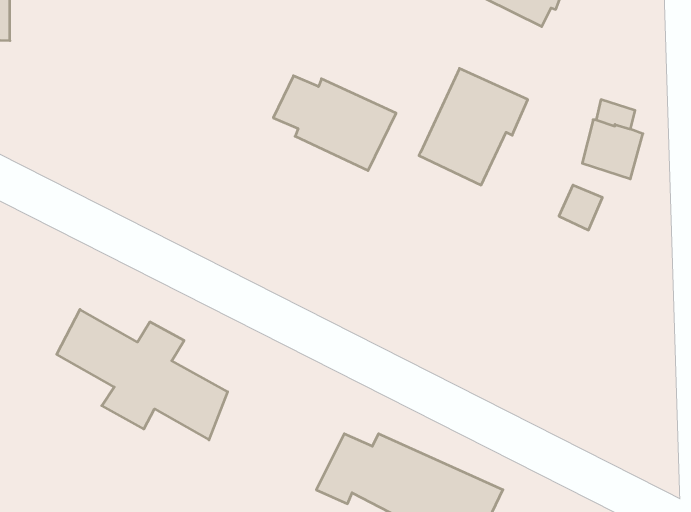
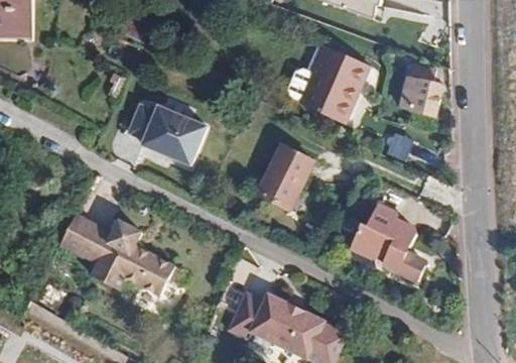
building: [273,76,396,171] -> [131,102,211,163]
building: none -> [254,152,306,214]
building: none -> [348,215,421,290]

